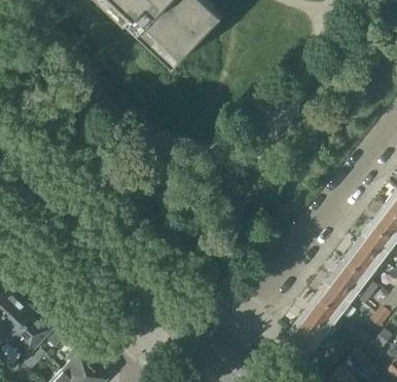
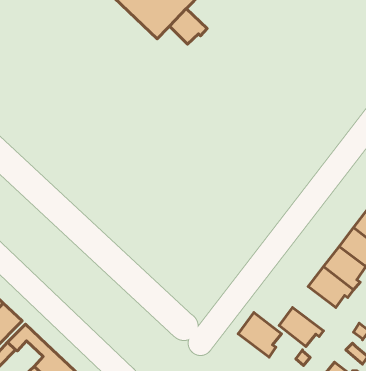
building: none -> [169,9,207,44]
building: [300,296,340,337] -> [238,313,281,357]

